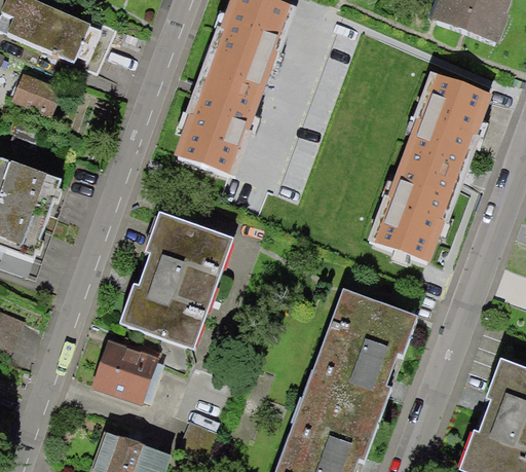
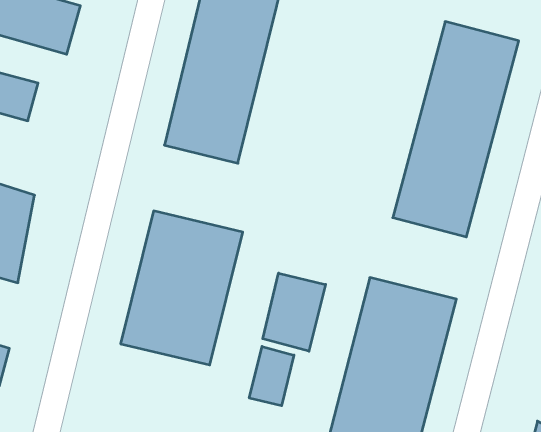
building: none -> [263,273,326,351]
building: [91,336,157,400] -> none
building: none -> [249,346,294,406]

